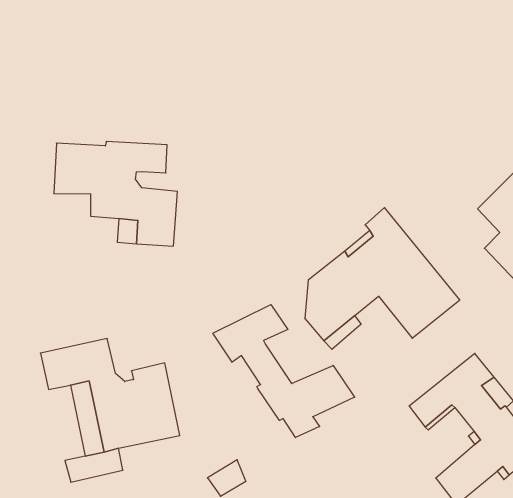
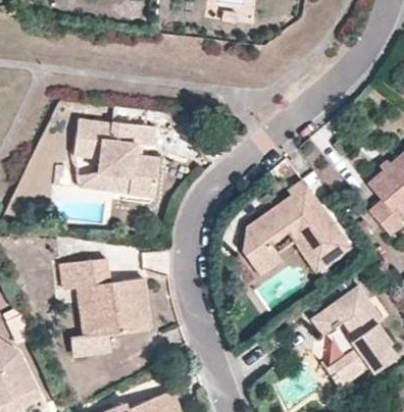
building: [213,305,355,438] -> none

